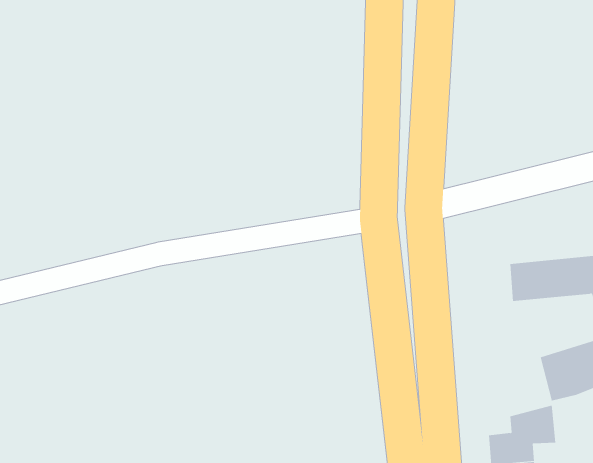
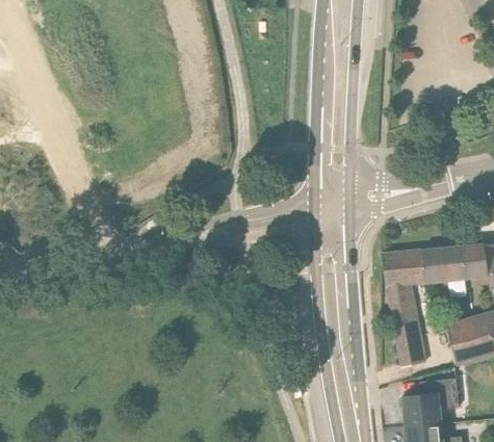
building: none -> [382,250,425,367]

